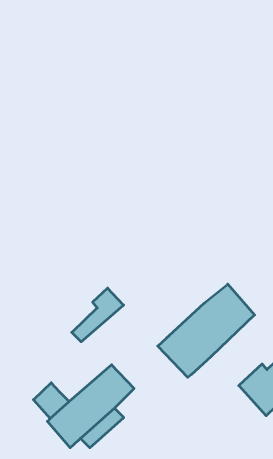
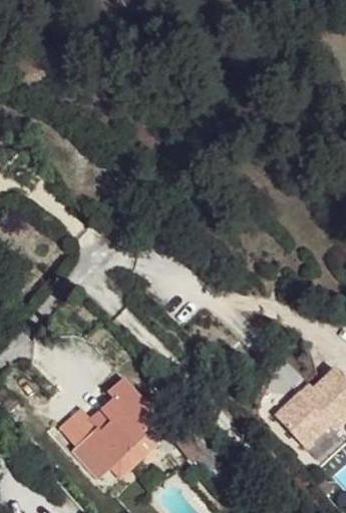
building: [158,284,255,377] -> none
building: [72,288,124,342] -> [84,374,139,431]

